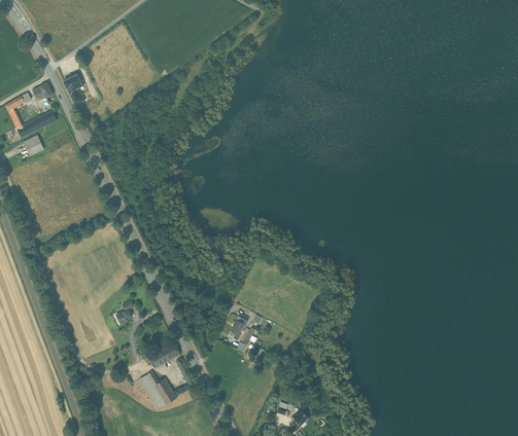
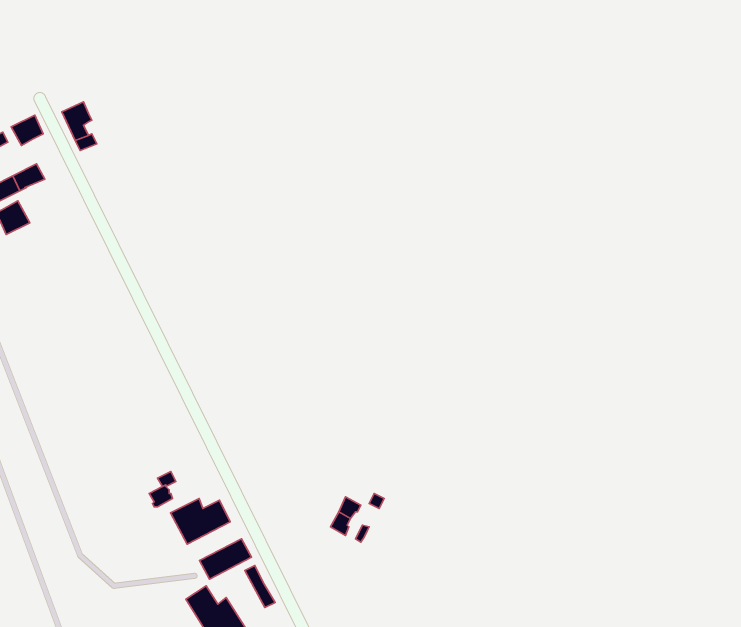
building: none -> [171,498,230,544]

